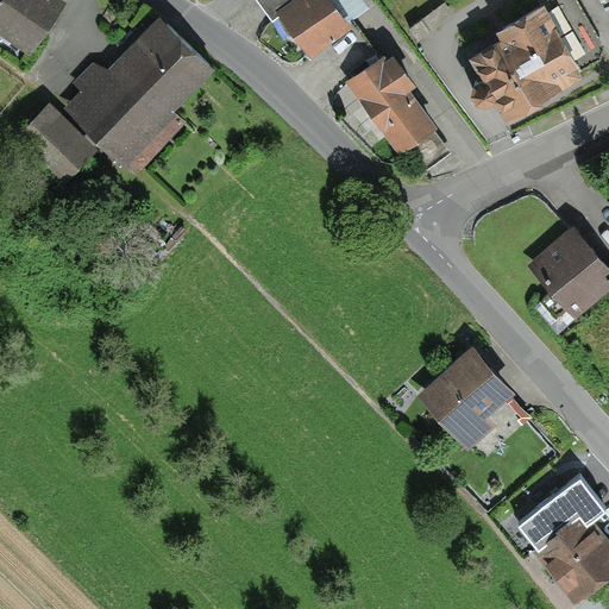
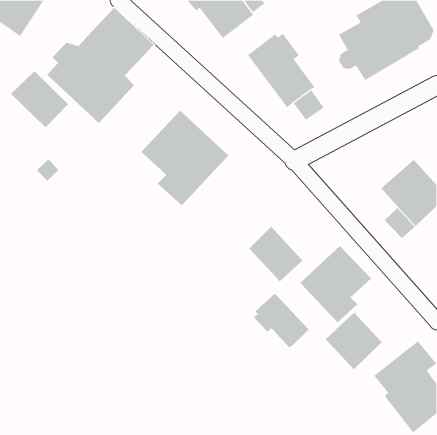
building: none -> [140,110,229,206]
building: none -> [248,226,303,282]
building: none -> [253,293,310,349]
building: none -> [325,312,383,370]

